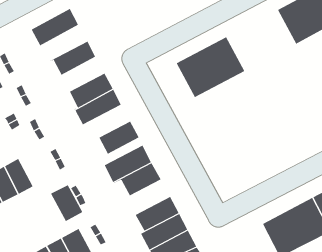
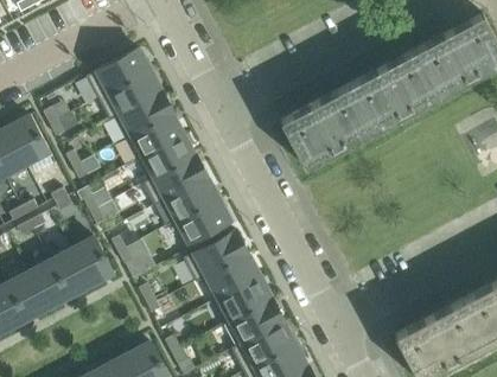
building: none -> [348,49,440,130]
building: none -> [98,69,163,117]
building: none -> [127,111,185,158]
building: none -> [155,175,219,219]
building: none -> [218,275,273,322]
building: [50,185,83,222] -> [70,235,114,285]

